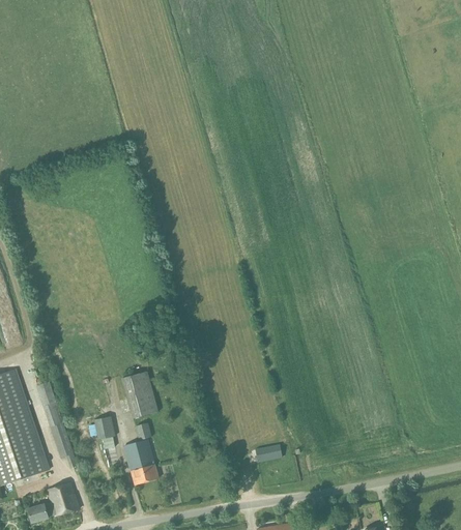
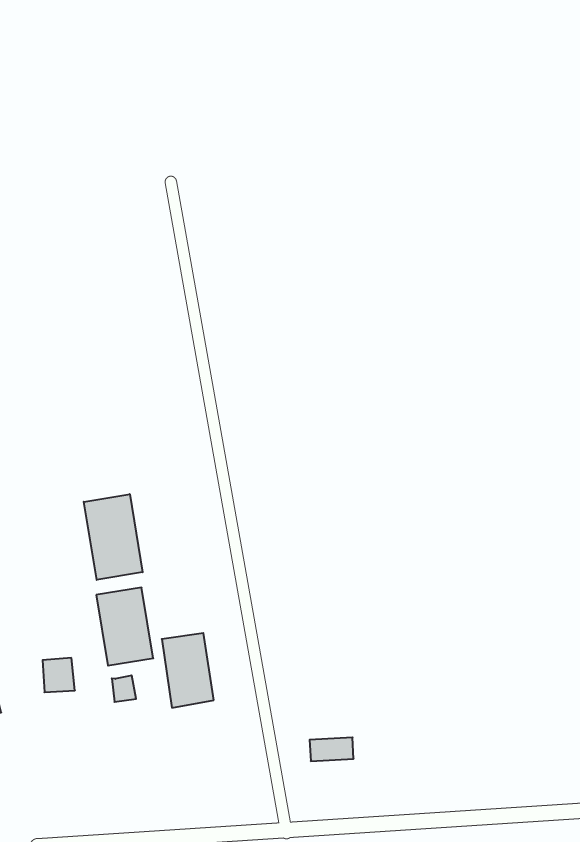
building: none -> [84,494,143,580]
building: [124,439,159,484] -> [162,633,214,708]

